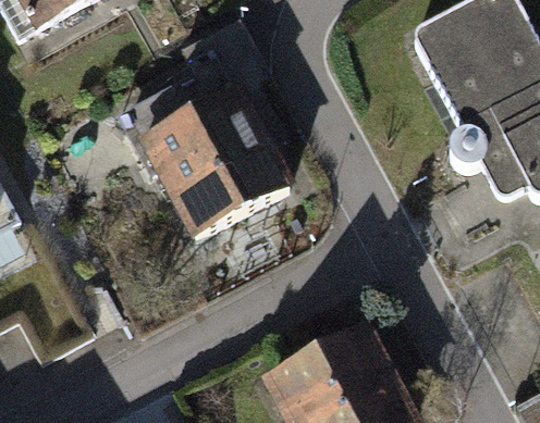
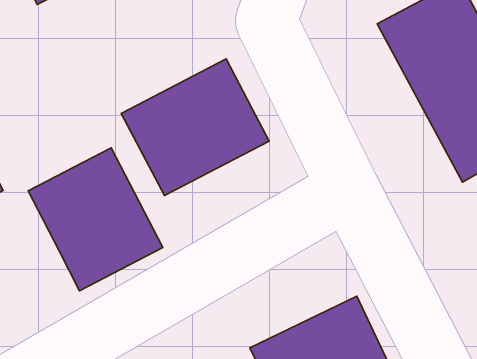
building: none -> [28,148,163,291]

